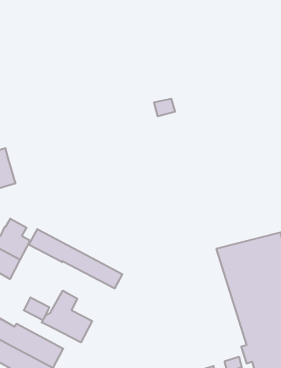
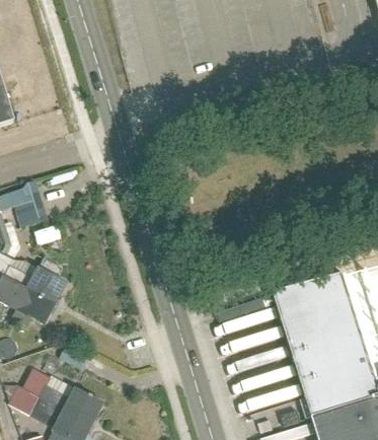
building: [29,229,122,288] -> none
building: [42,291,92,342] -> none

